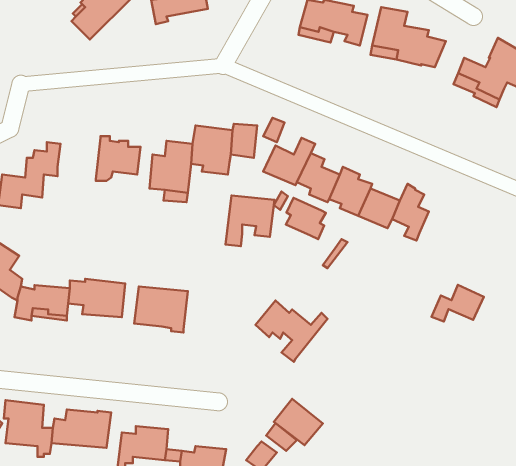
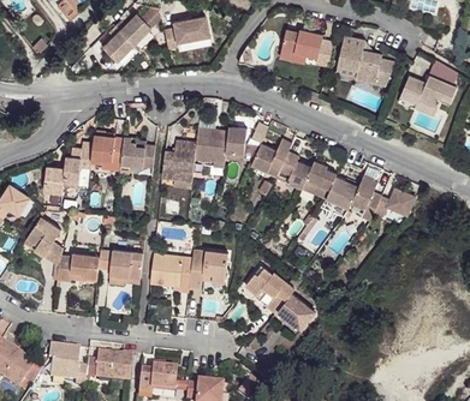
building: none -> [90,134,124,170]
building: [225,195,275,246] -> [189,250,227,289]
building: [286,198,326,239] -> none
building: [432,285,484,322] -> [374,187,415,216]
building: [274,399,323,445] -> [276,293,315,329]

